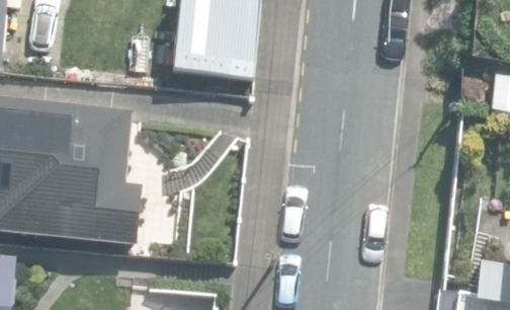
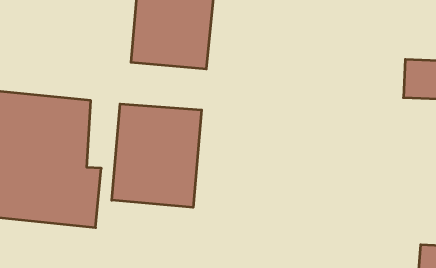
building: none -> [112,104,202,207]

